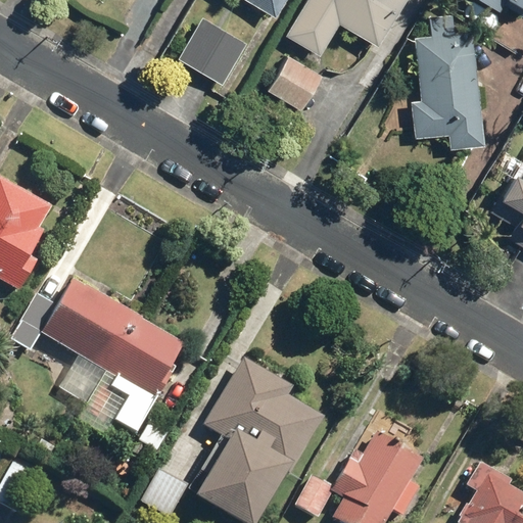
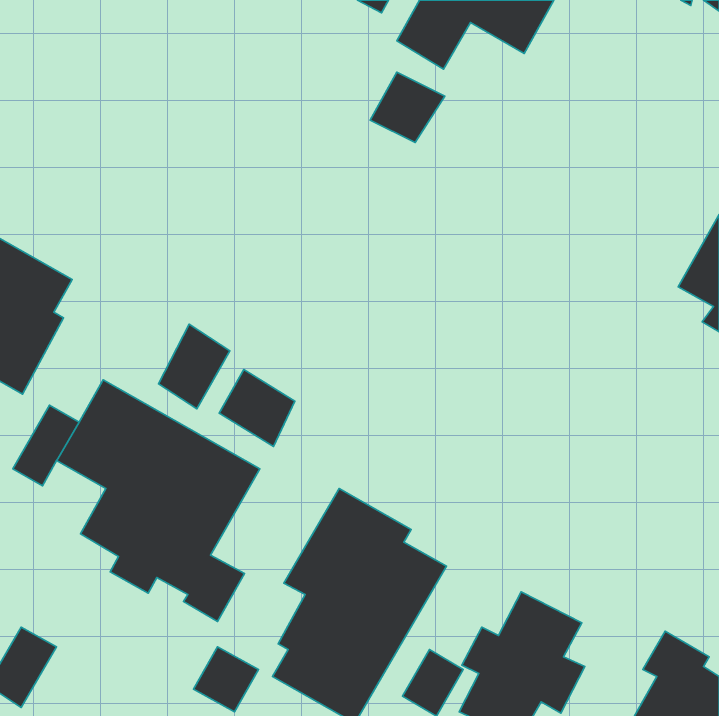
building: [410,11,484,148] -> none
building: [180,18,246,83] -> none
building: none -> [158,324,230,409]
building: none -> [219,370,295,446]

